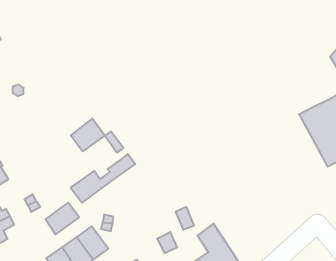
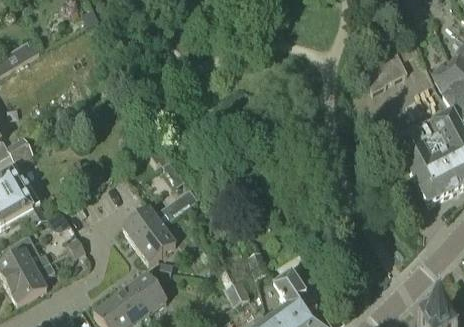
building: none -> [359,51,406,91]
building: [71,118,105,151] -> none
building: [45,203,79,234] -> [136,226,176,264]

